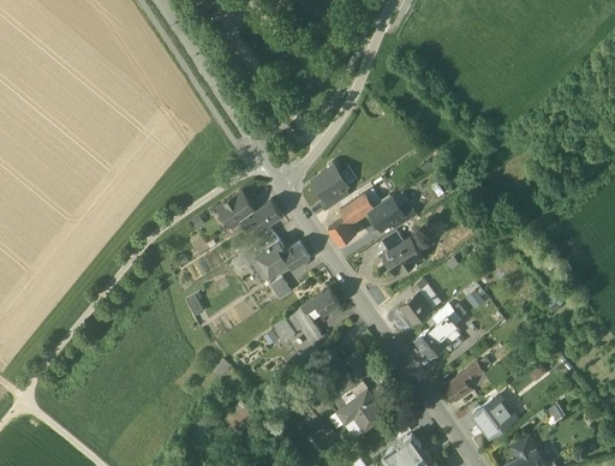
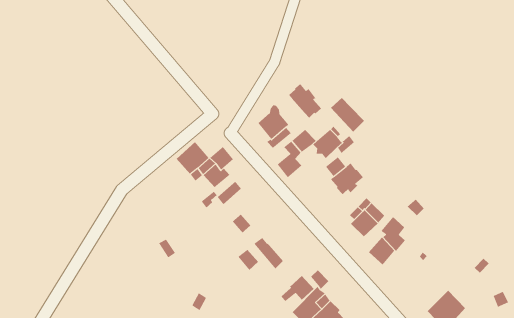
building: none -> [288,83,322,119]
building: none -> [330,97,365,133]
building: [263,245,310,277] -> none
building: [301,288,340,316] -> [280,275,314,302]
building: [444,362,484,400] -> none

